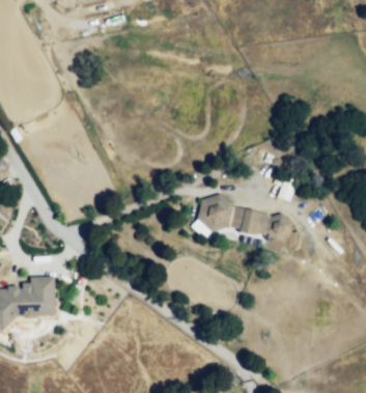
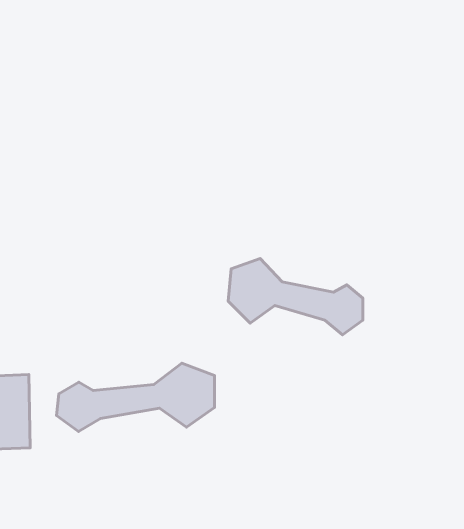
building: none -> [56,363,215,431]

